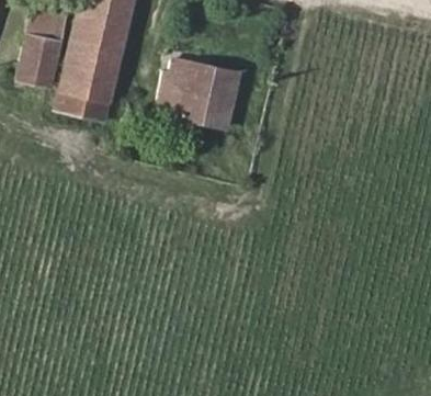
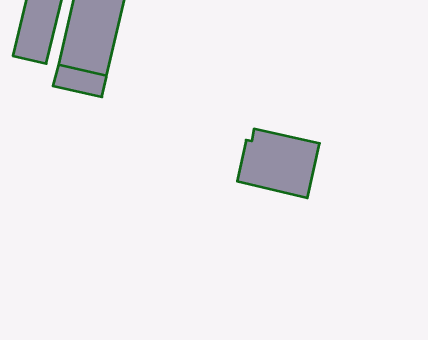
building: [159,58,240,126] -> [237,129,320,198]

